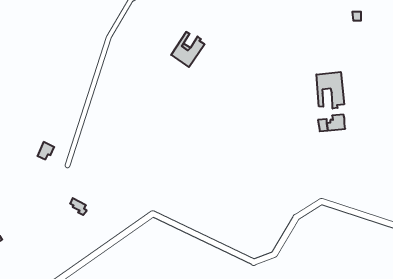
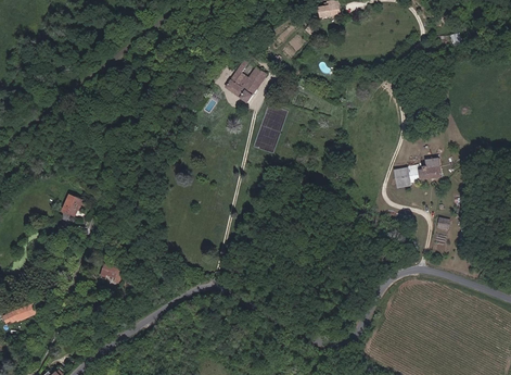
building: [316,72,344,109] -> none

